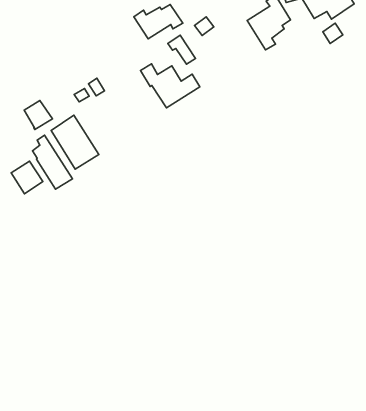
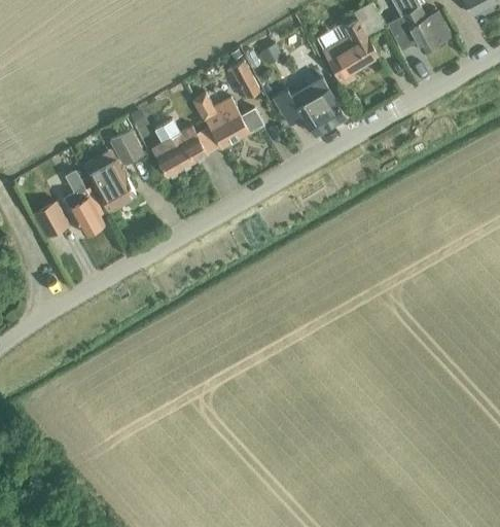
building: [134,4,183,39] -> none
building: none -> [272,74,348,137]
building: none -> [151,119,208,177]
building: [24,100,52,129] -> [111,130,144,164]

